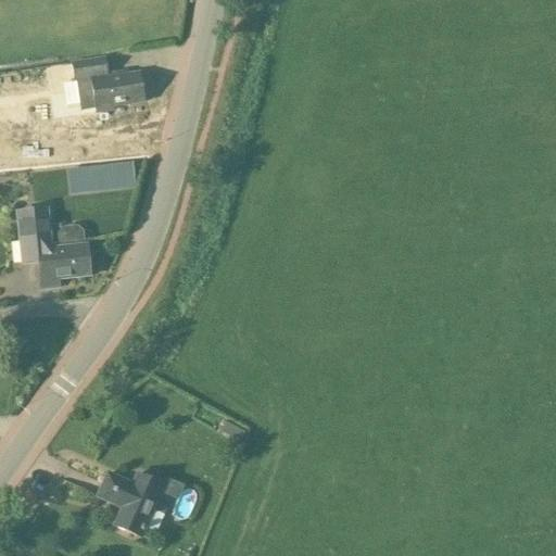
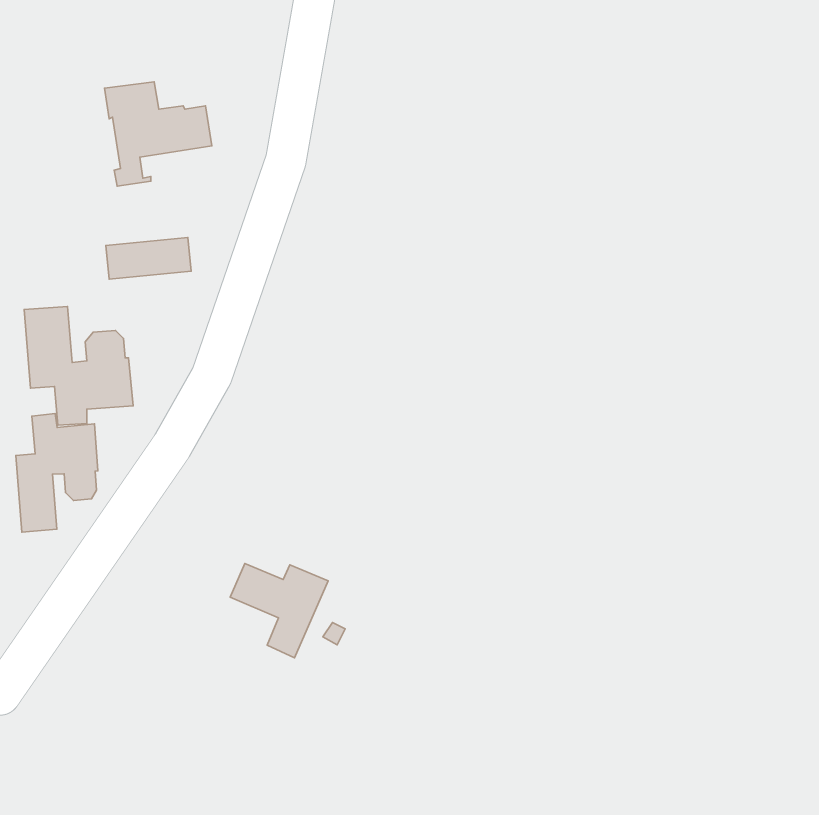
building: none -> [16,414,98,532]
building: [98,471,164,535] -> [230,563,328,658]

